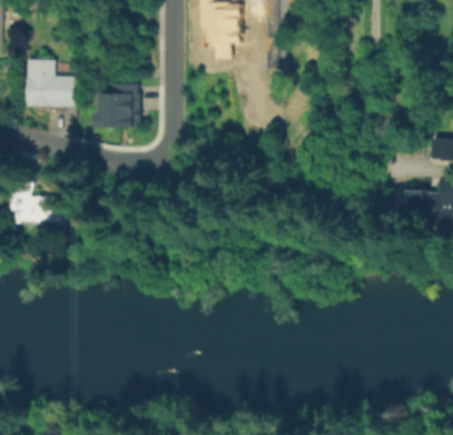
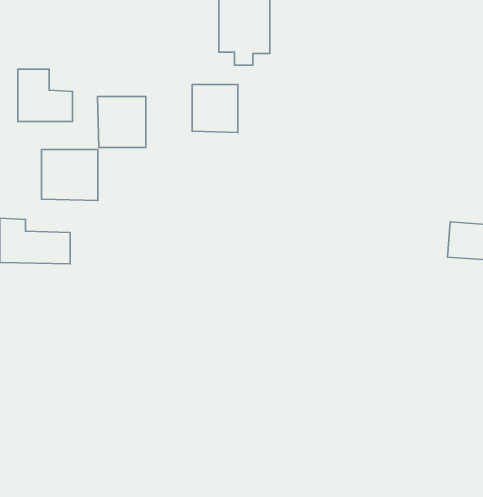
building: none -> [192,85,238,133]
building: none -> [41,149,98,201]

